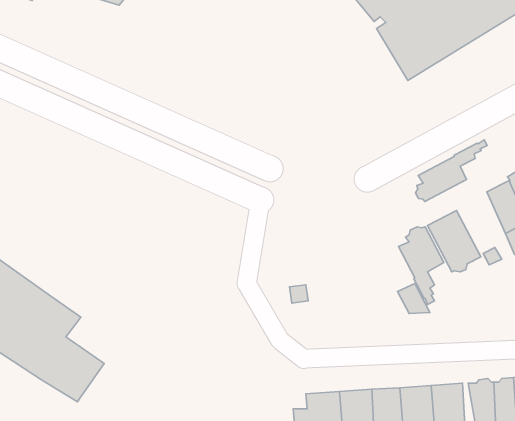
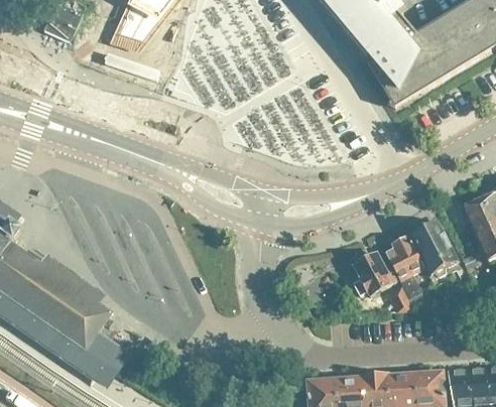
building: [415,140,487,201] -> none
building: none -> [353,251,397,293]

